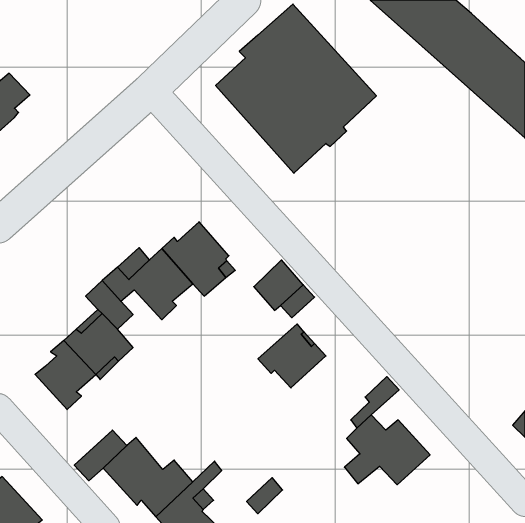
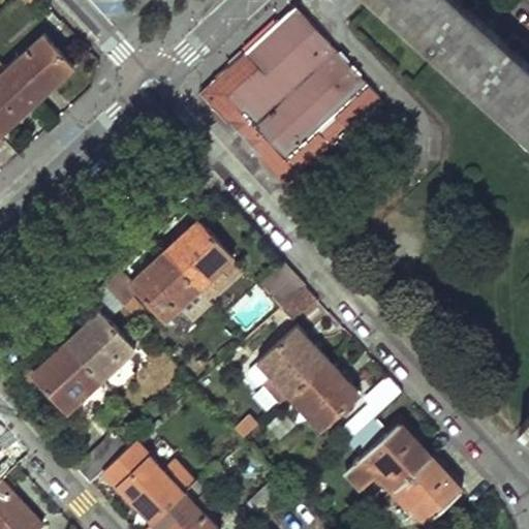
building: none -> [9,39,70,99]
building: none -> [198,56,294,187]
building: none -> [291,361,355,431]
building: none -> [398,460,475,524]

